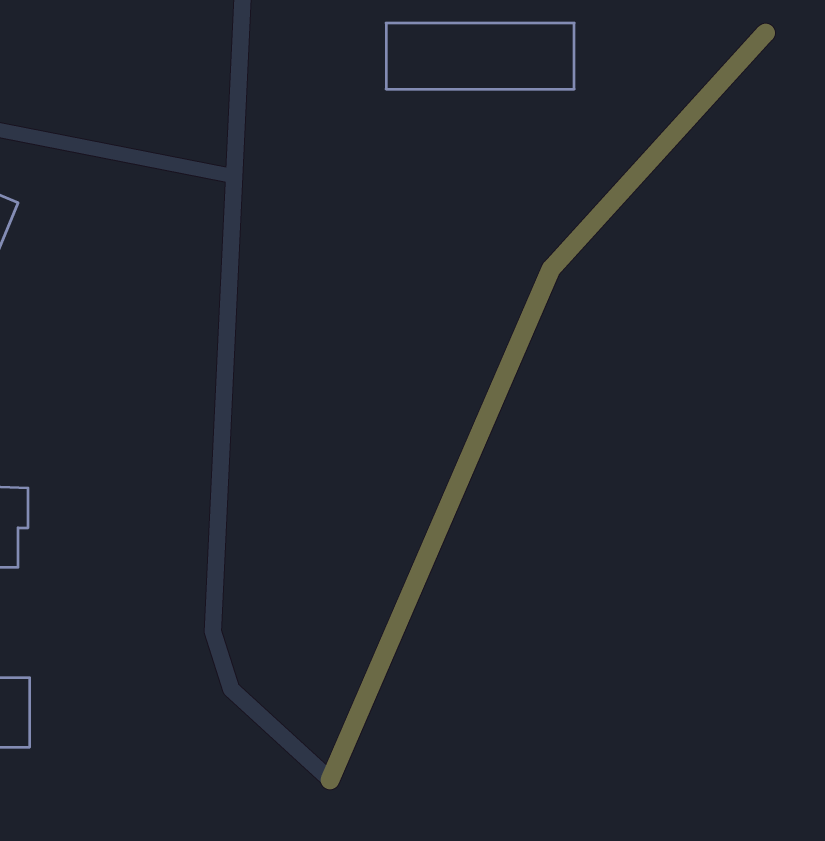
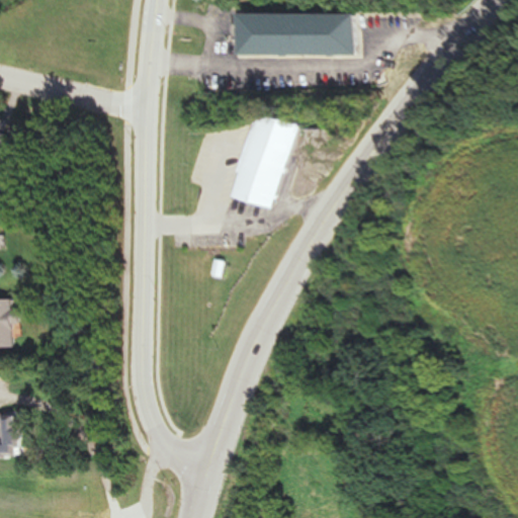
building: none -> [229,111,292,208]

